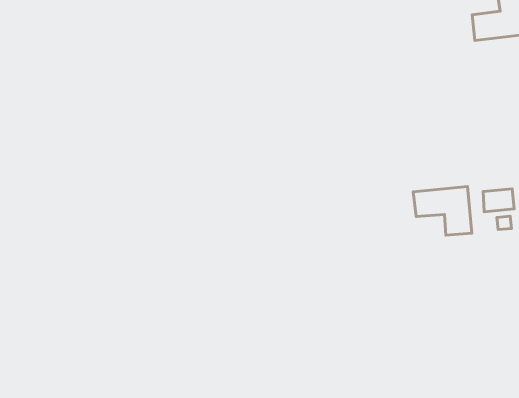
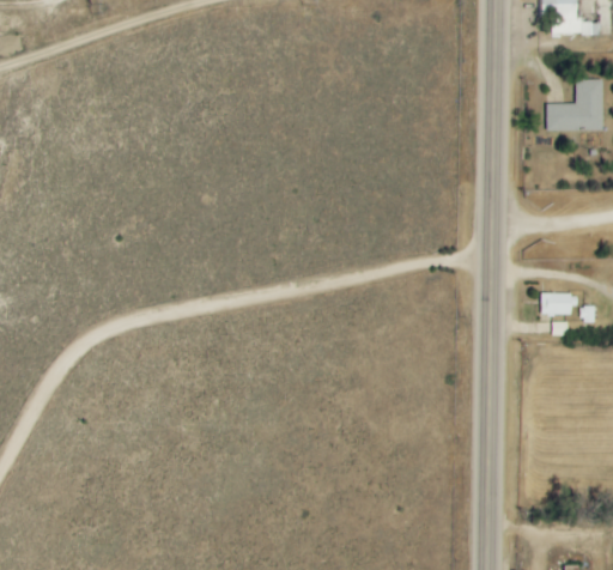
building: [413,187,472,235] -> none

